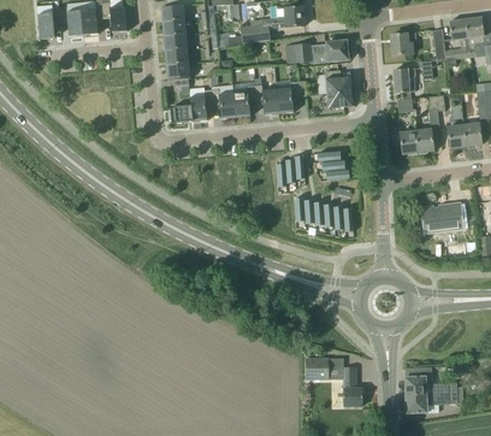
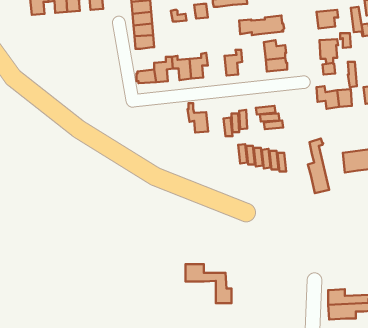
building: [254,77,279,113] -> [187,103,208,133]
building: none -> [308,138,329,193]
building: [306,357,362,405] -> [185,264,231,303]

